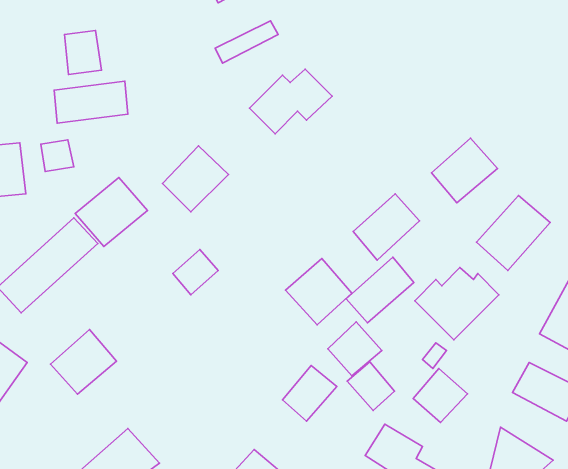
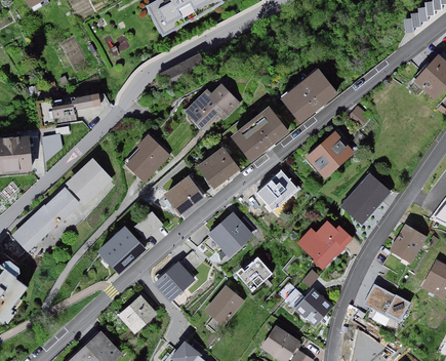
building: [64,31,101,74] -> none
building: none -> [282,68,335,119]
building: none -> [233,106,288,159]
building: none -> [199,148,240,188]
building: none -> [164,177,204,215]
building: [346,257,414,323] -> none
building: none -> [153,262,195,303]
building: [50,330,116,394] -> [96,225,141,269]
building: [347,362,394,410] -> none
building: none -> [117,293,157,332]

